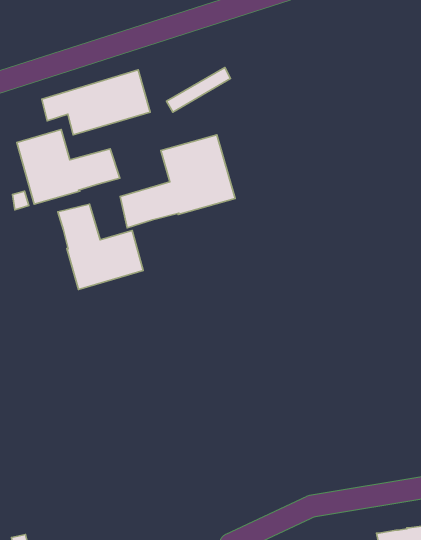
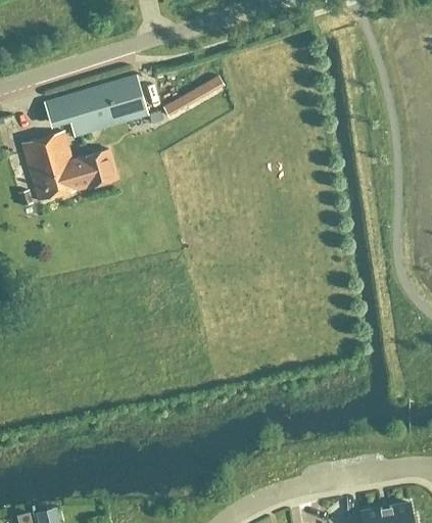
building: [120,135,235,228] -> none
building: [58,204,143,289] -> none

